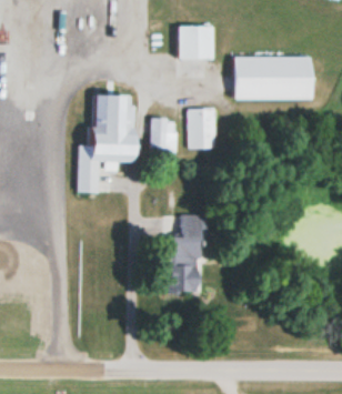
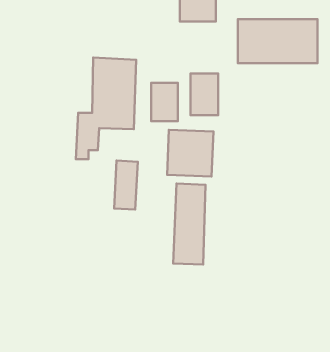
building: none -> [167,130,213,176]
building: none -> [114,161,138,210]

